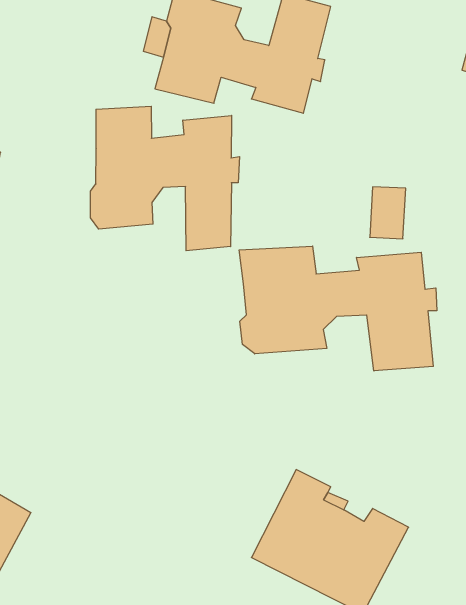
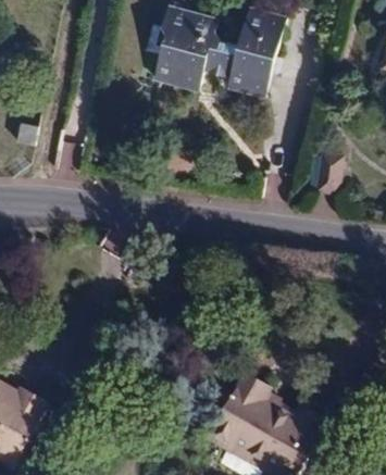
building: [90,106,239,251] -> none
building: [239,246,437,371] -> none

